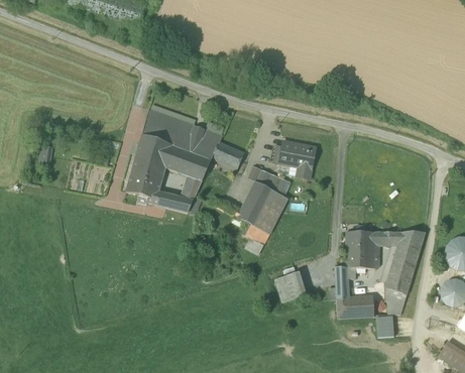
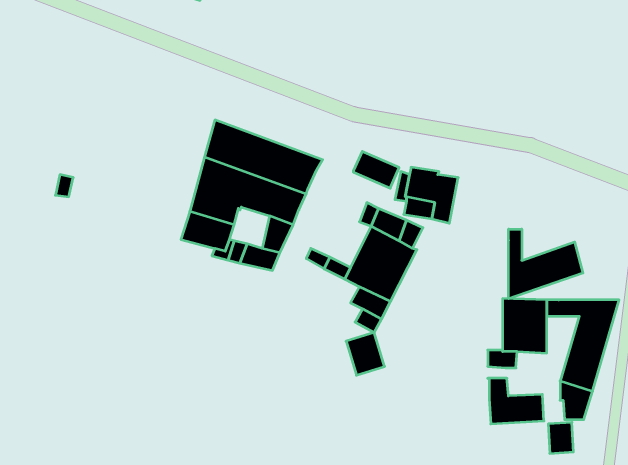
building: [213,142,244,167] -> [353,151,399,188]
building: none -> [509,229,583,299]
building: [276,271,303,300] -> [346,332,385,375]

